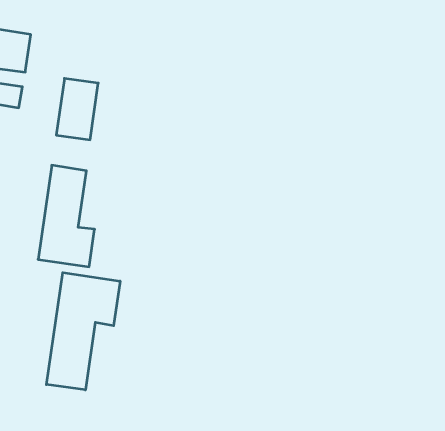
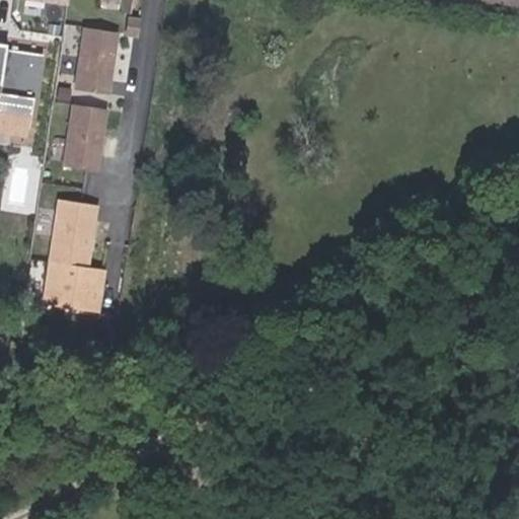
building: none -> [72,26,119,95]
building: [46,273,120,390] -> none

